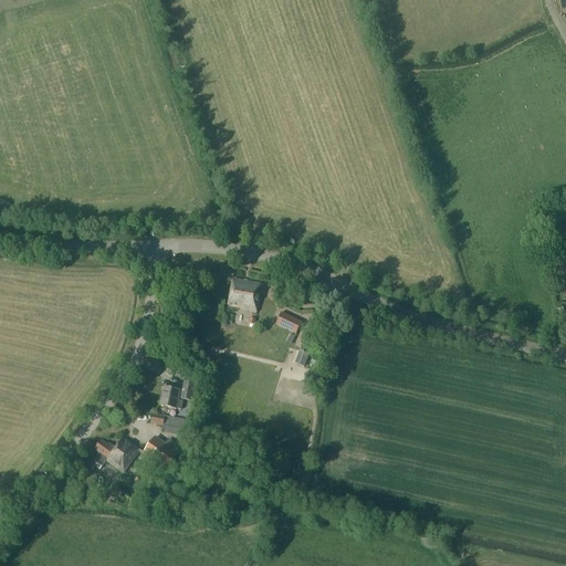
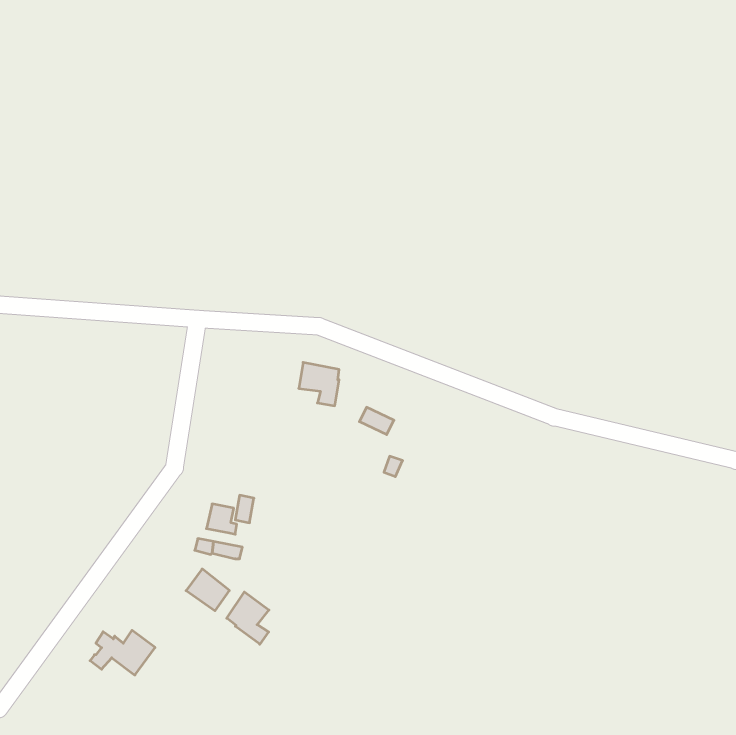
building: [90,437,139,471] -> [90,630,155,675]
building: none -> [227,592,269,644]

